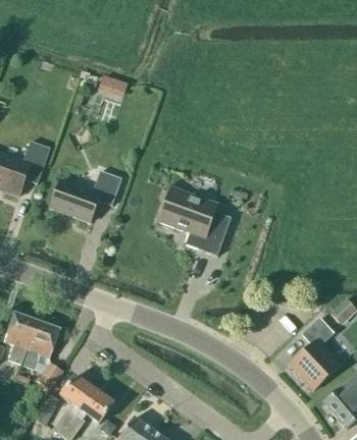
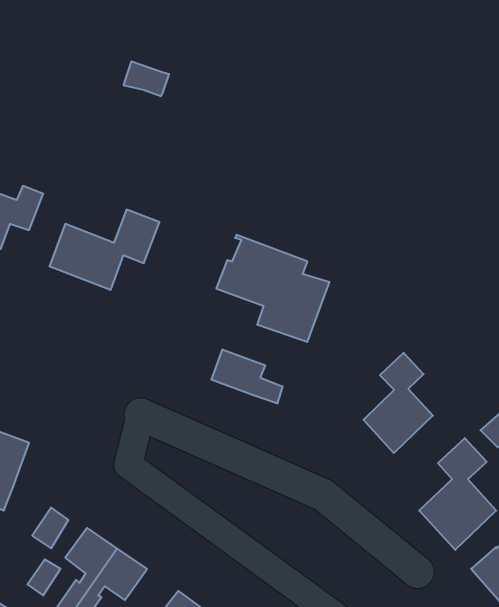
building: none -> [211,349,283,404]
building: none -> [363,353,433,453]
building: [22,321,59,369] -> none

